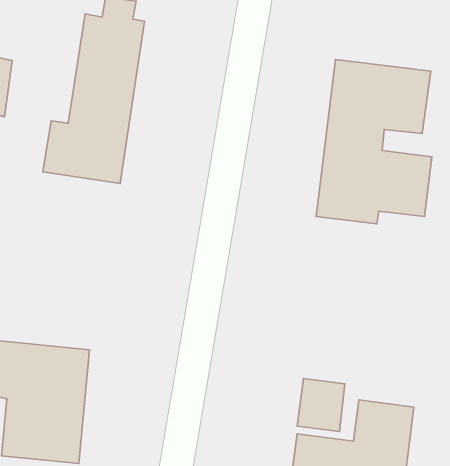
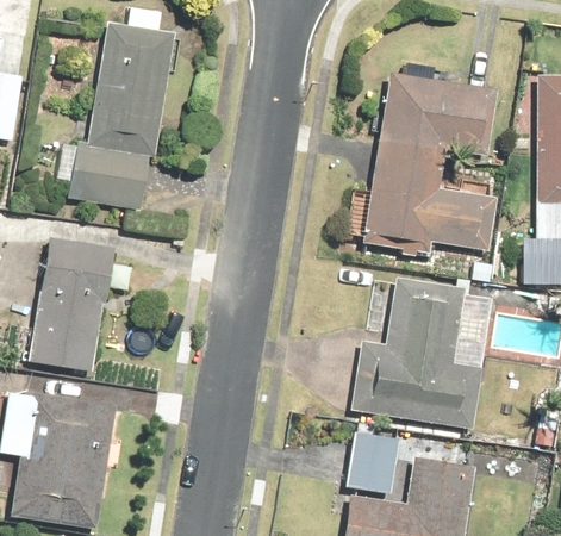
building: none -> [27,238,113,374]
building: none -> [351,272,495,430]

